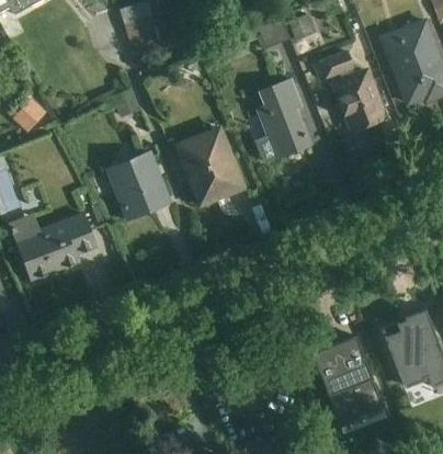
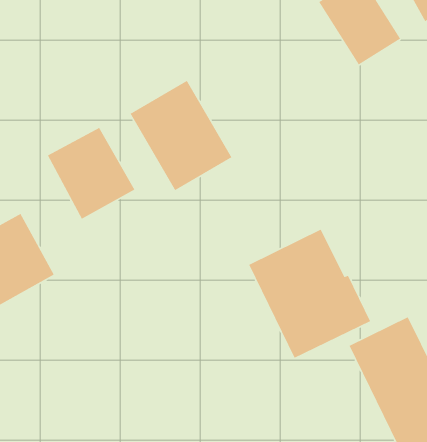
building: [250,80,315,160] -> none
building: none -> [248,229,371,359]

